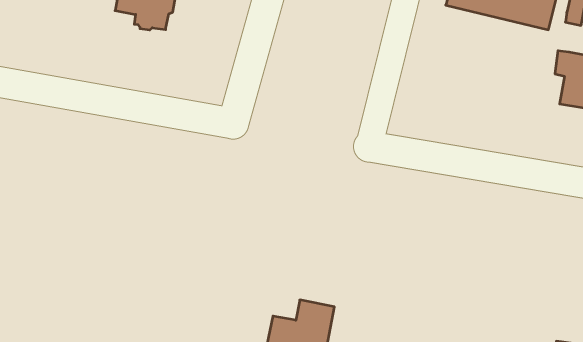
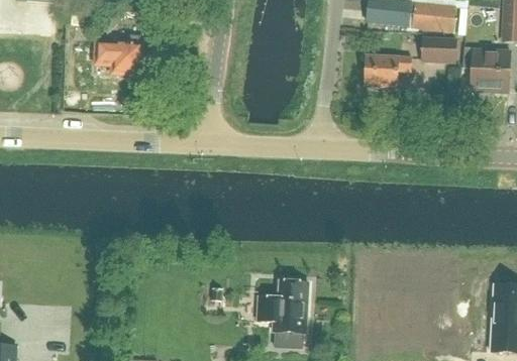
building: none -> [422,37,456,64]
building: none -> [364,54,411,87]

